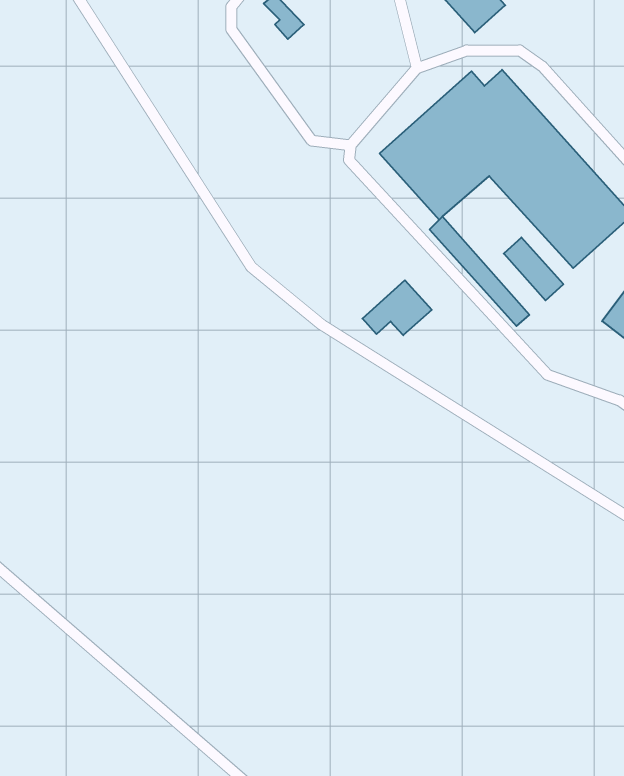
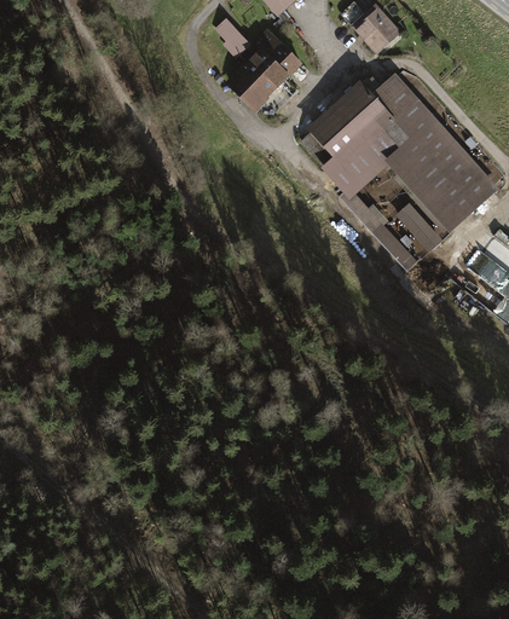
building: none -> [230,31,300,116]
building: [362,280,432,335] -> none

